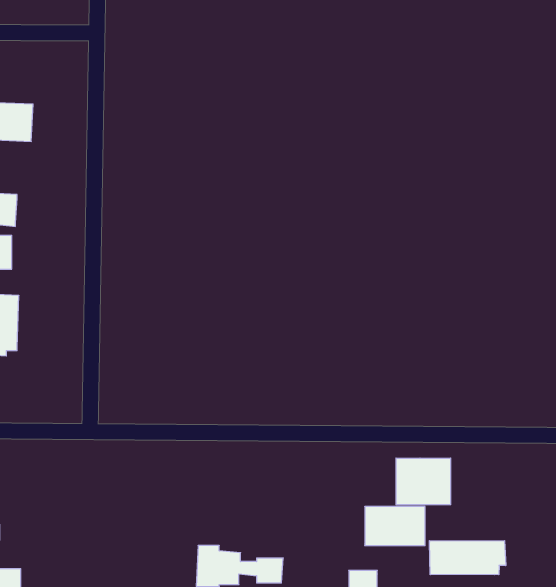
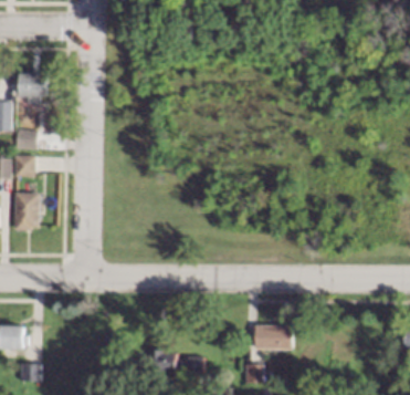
building: [396,458,451,505] -> none
building: [430,541,506,575] -> none

